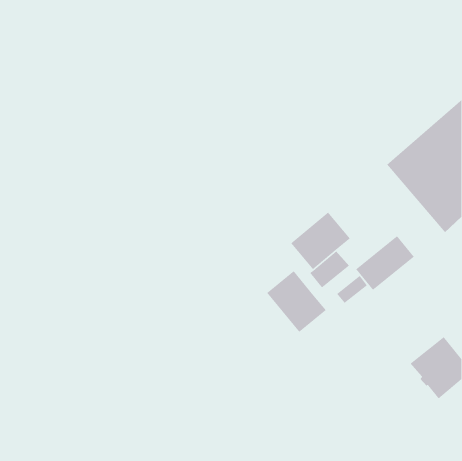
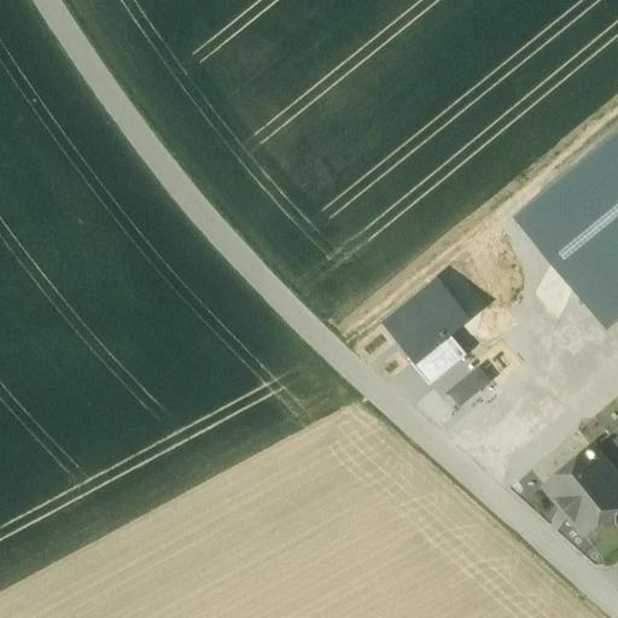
building: [355,235,415,291] -> none
building: [266,270,327,333] -> none

